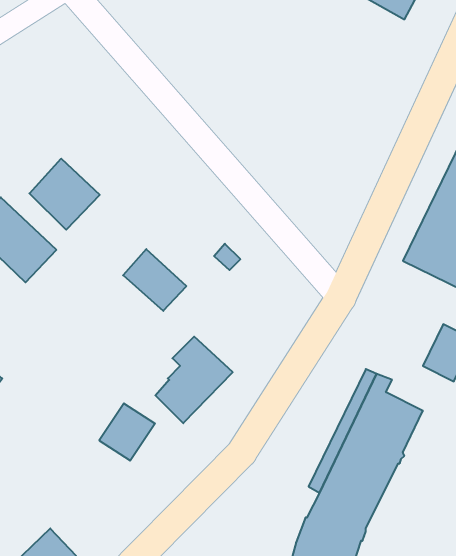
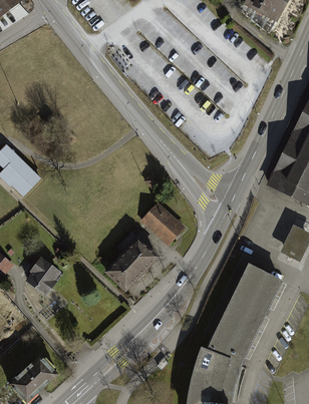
building: [29,159,100,230] -> none
building: [123,249,186,311] -> [142,204,184,244]
building: [99,403,155,461] -> [24,259,60,296]

